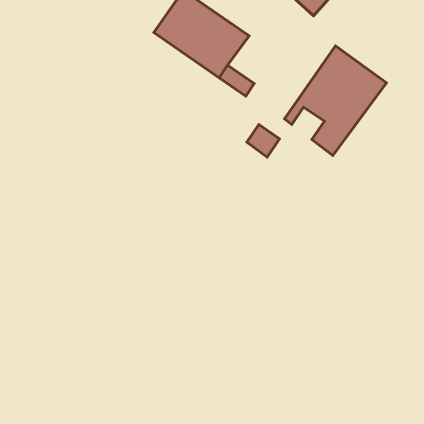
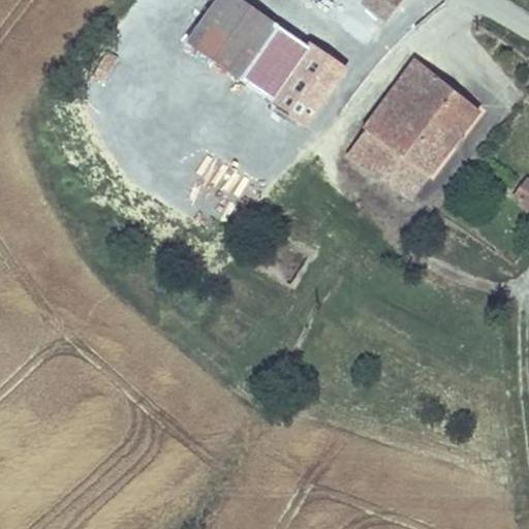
building: none -> [281,44,340,103]
building: [247,125,280,157] -> [361,132,401,173]

